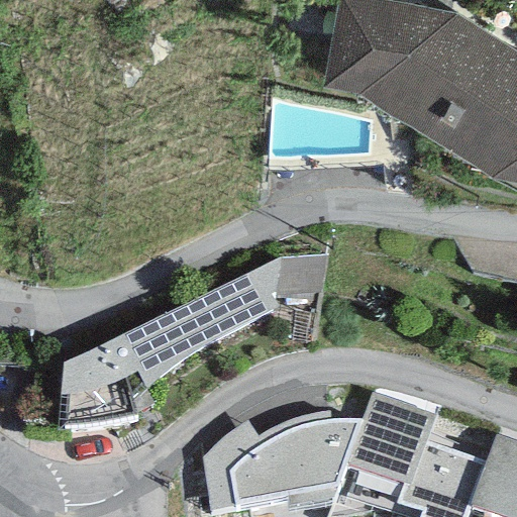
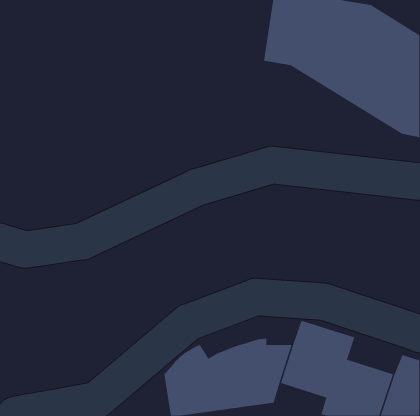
building: [58,253,326,439] -> none

